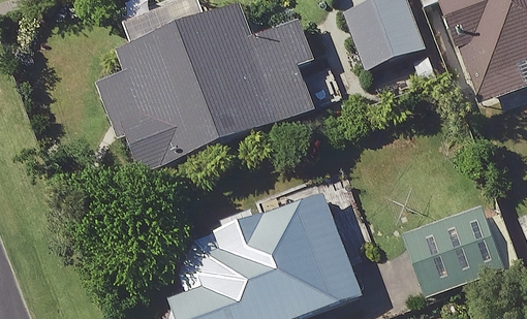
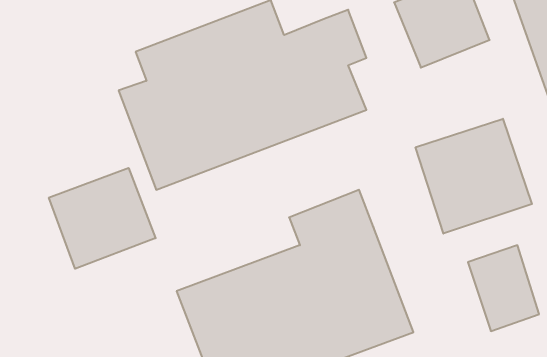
building: none -> [416,119,532,234]
building: none -> [49,168,156,269]

